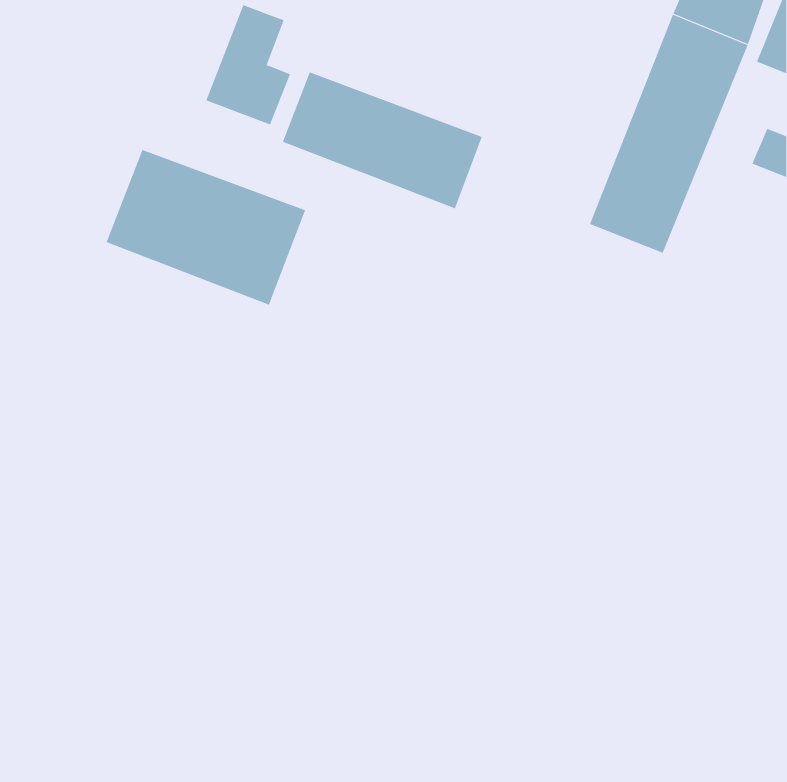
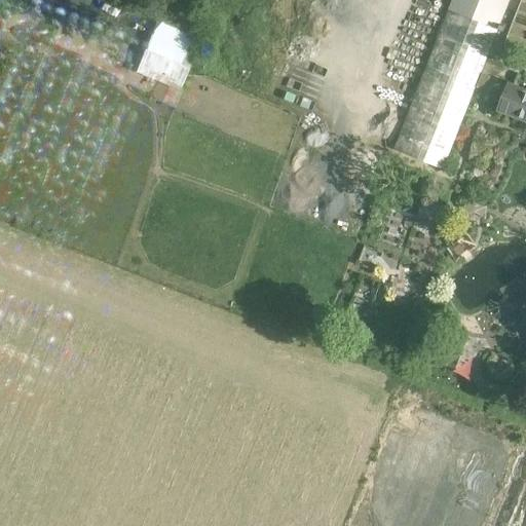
building: [282,71,483,209] -> none
building: [106,149,306,306] -> none

